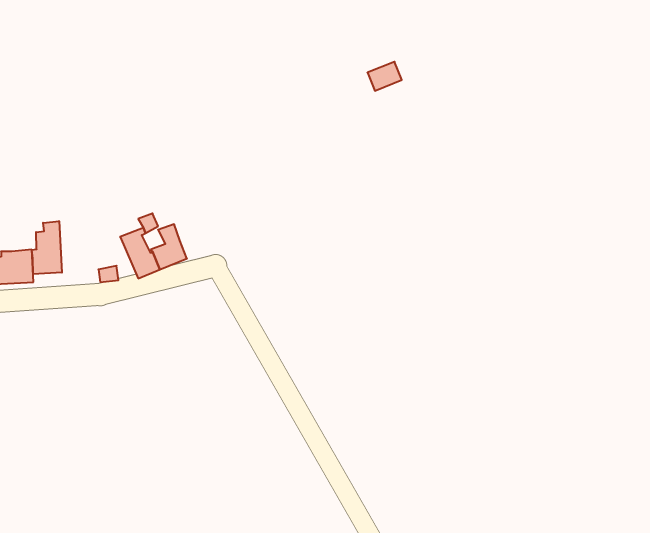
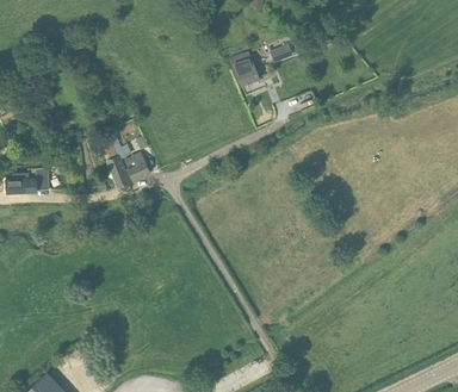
building: none -> [230,52,259,87]
building: [32,221,62,274] -> none

